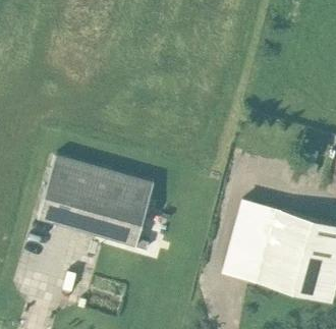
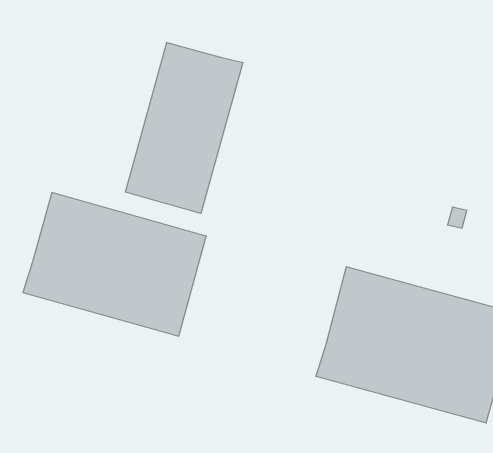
building: none -> [126,42,243,213]

